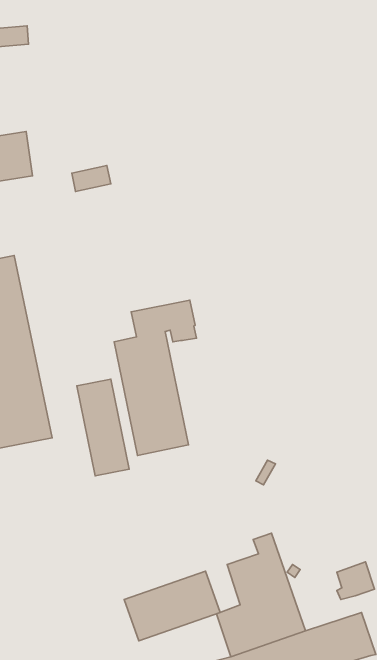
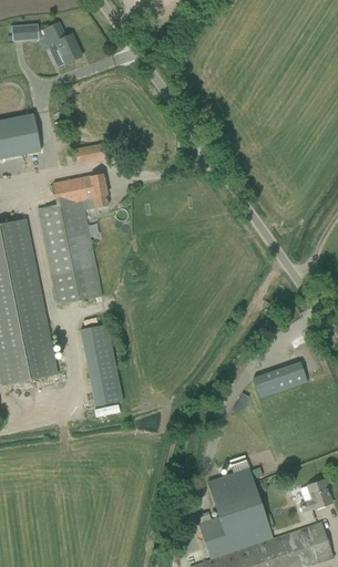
building: none -> [44,22,82,66]
building: [114,300,196,455] -> [39,173,109,305]
building: none -> [254,360,308,398]
building: [124,571,220,641] -> none

